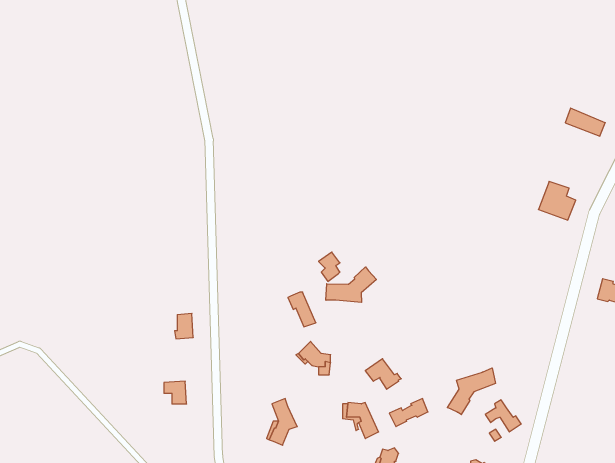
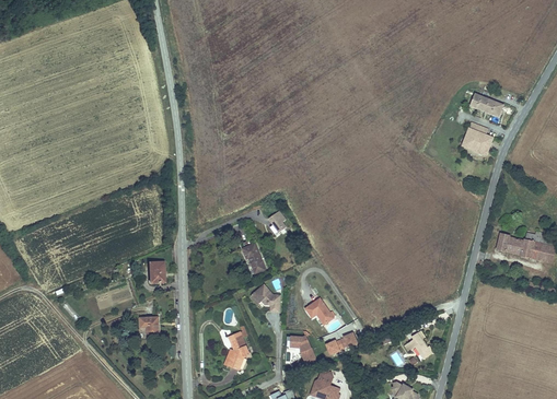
building: [538,181,576,220] -> [462,122,492,154]
building: [326,267,376,302] -> none
building: [447,368,495,415] -> none

